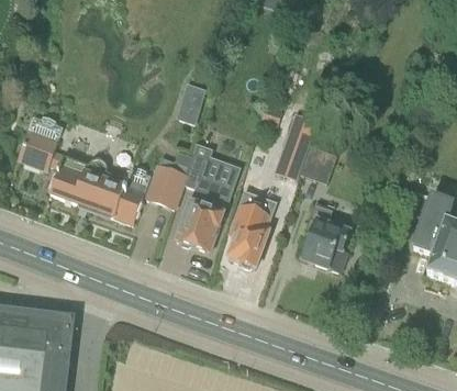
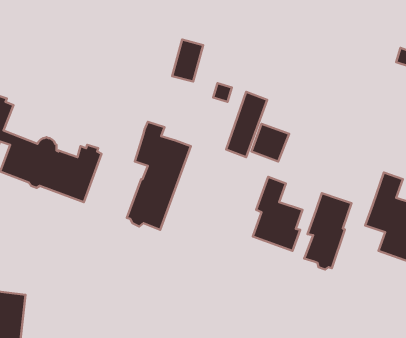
building: [178,81,209,123] -> [172,40,203,82]
building: [145,153,191,210] -> none
building: [226,194,274,270] -> [304,193,352,269]

